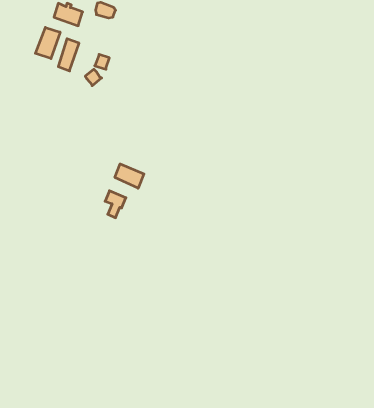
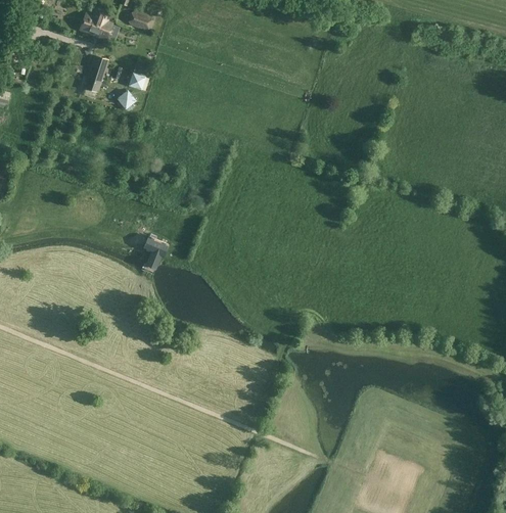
building: [35,27,60,59] -> none
building: [115,164,144,188] -> none

